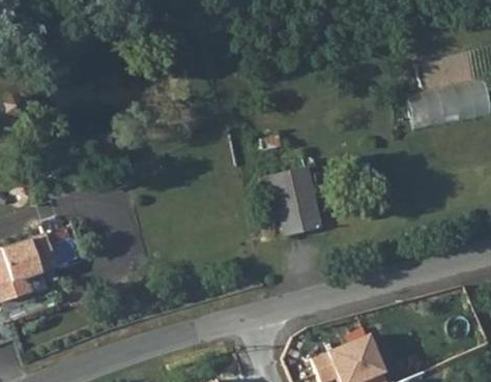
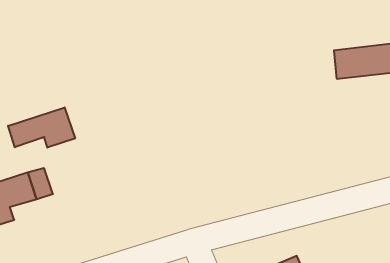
building: none -> [8,107,75,148]
building: [265,169,325,237] -> none

